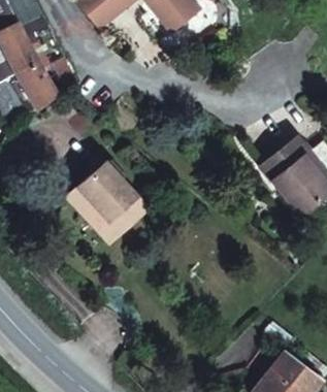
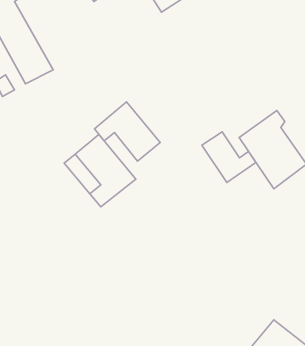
building: none -> [95,102,160,161]
building: none -> [202,132,256,182]

